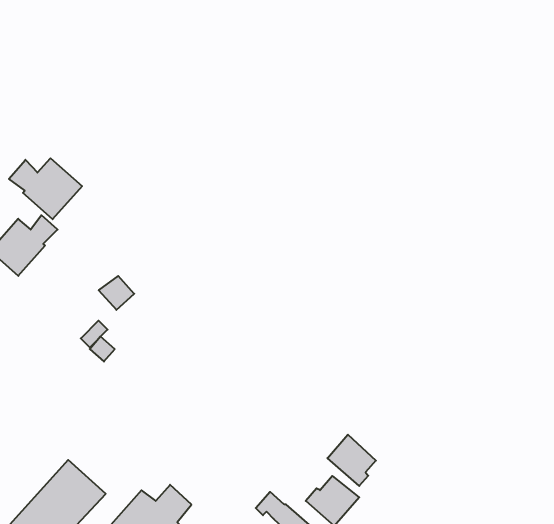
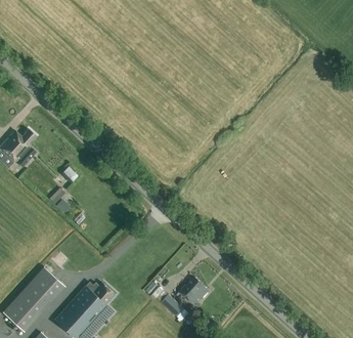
building: [9,158,82,219] -> none
building: [327,435,376,486] -> none

